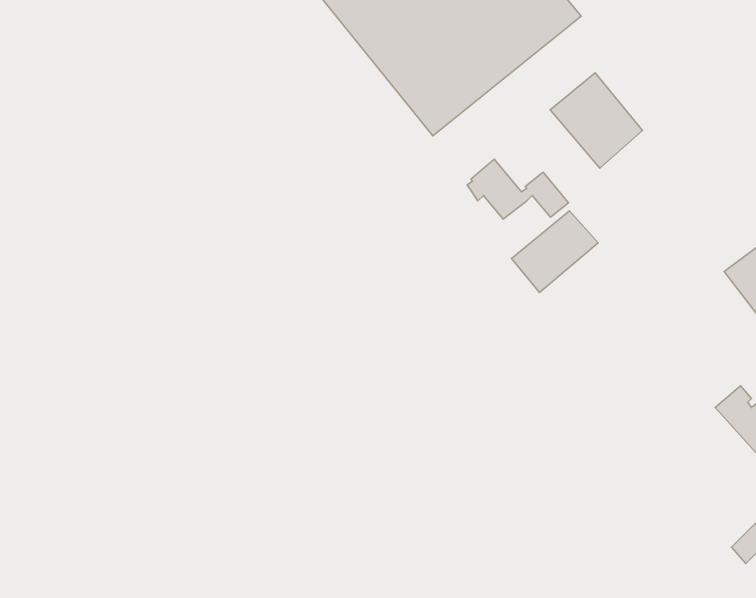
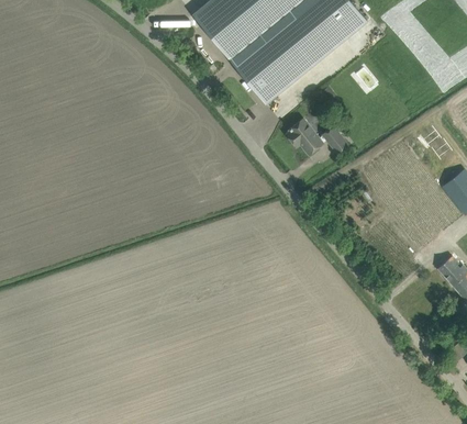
building: [550,73,642,168] -> none
building: [512,211,598,293] -> none

